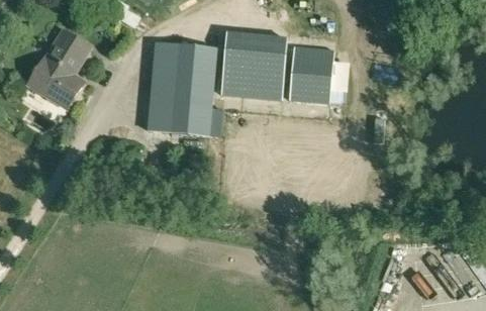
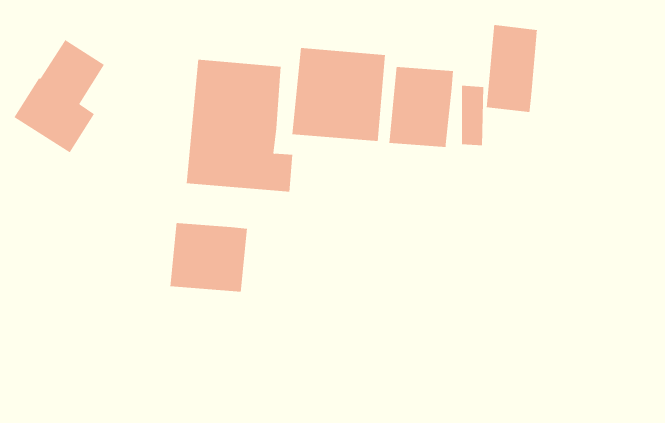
building: none -> [486,24,538,113]
building: none -> [170,222,248,293]

